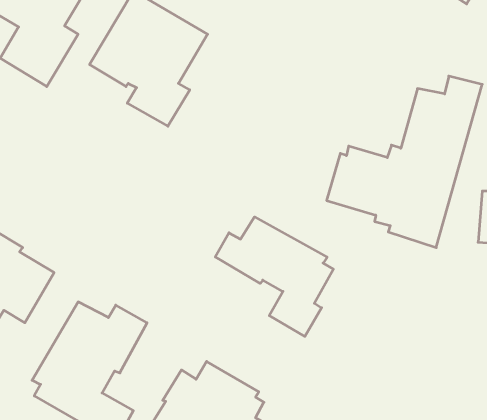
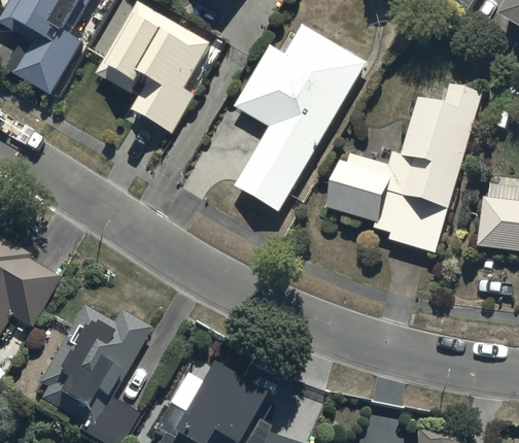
building: none -> [235,23,369,209]
building: [215,217,333,336] -> none

